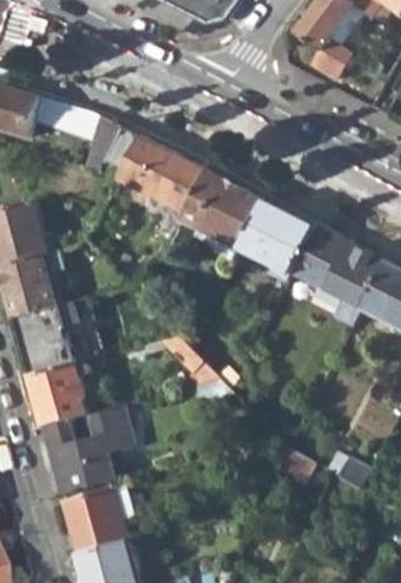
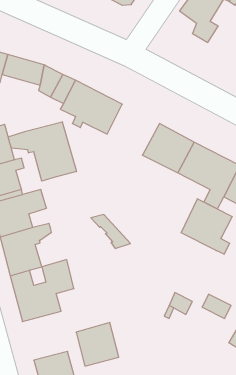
building: [188,171,268,246] -> none
building: none -> [8,122,76,181]
building: none -> [181,199,232,254]
building: [67,488,131,553] -> [76,323,119,366]

